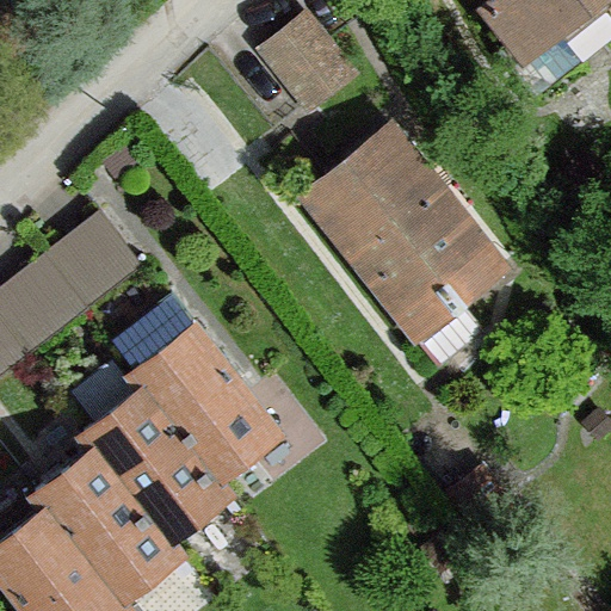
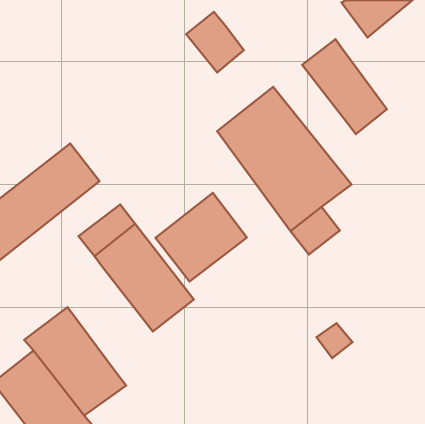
building: none -> [302,39,387,134]
building: none -> [155,193,247,282]
building: [87,384,229,539] -> none

